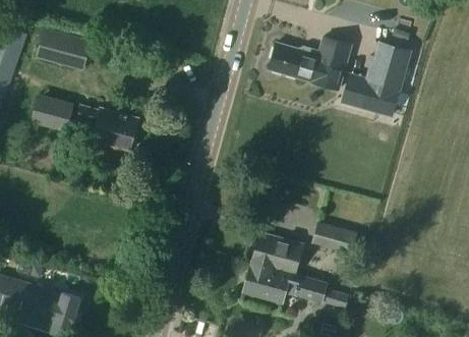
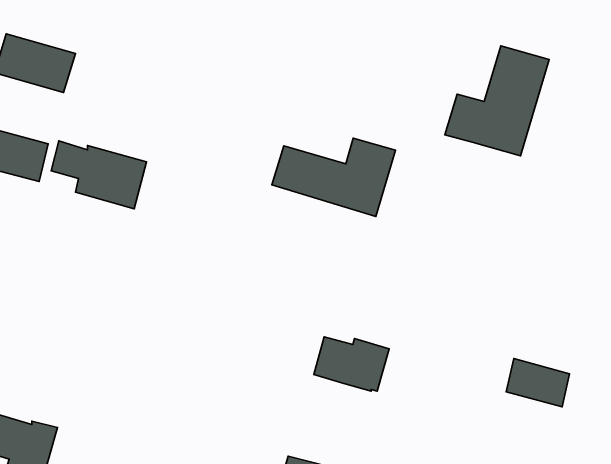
building: [269,37,352,90] -> [272,138,396,217]
building: [313,221,356,254] -> [506,359,570,407]
building: [242,262,326,302] -> none

